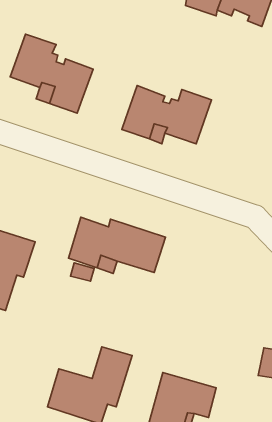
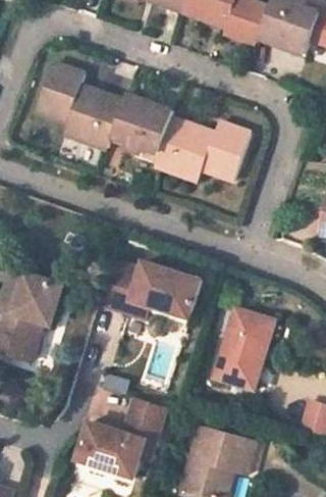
building: none -> [110,93,173,154]
building: none -> [214,309,274,391]

